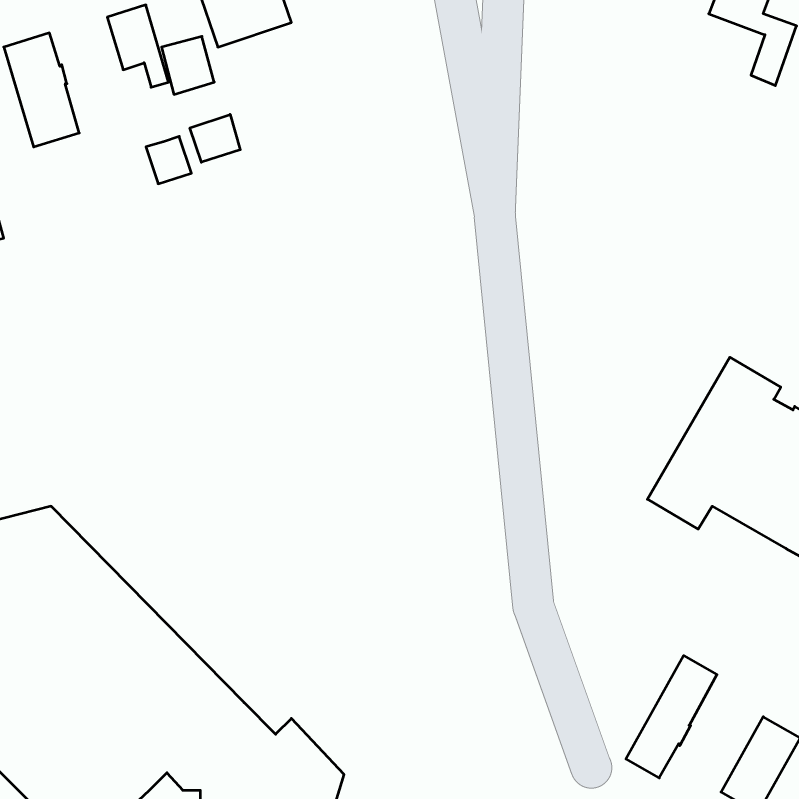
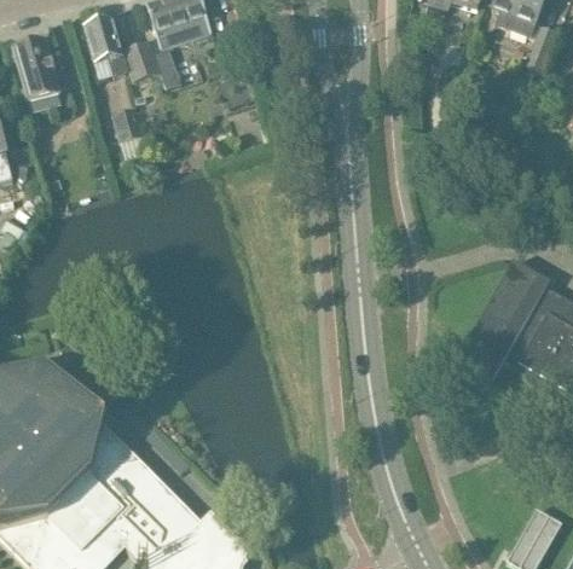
building: [190,114,240,162] -> none
building: [626,656,717,778] -> none

